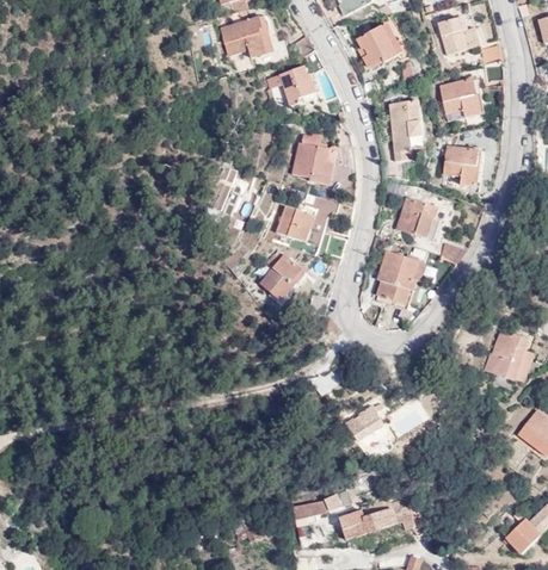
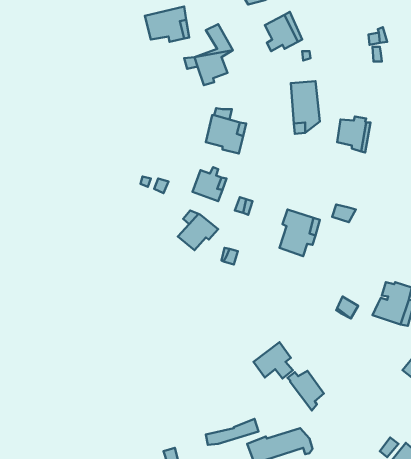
building: [437,17,478,52] -> none
building: [441,79,481,117] -> none
building: [394,196,438,237] -> none
building: none -> [288,371,324,410]

